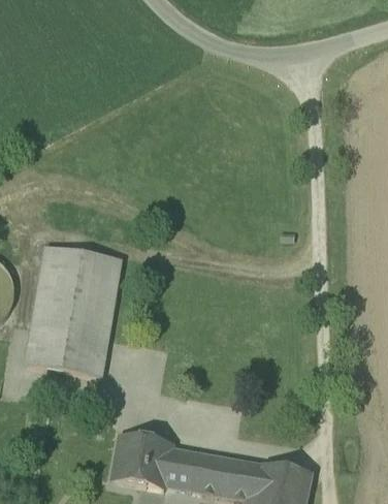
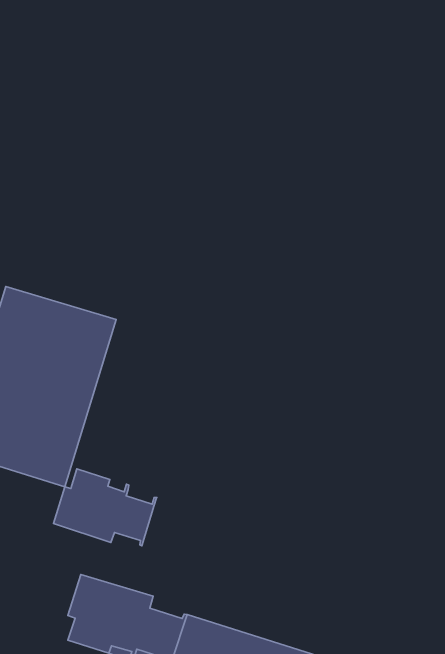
building: none -> [53,469,157,546]

